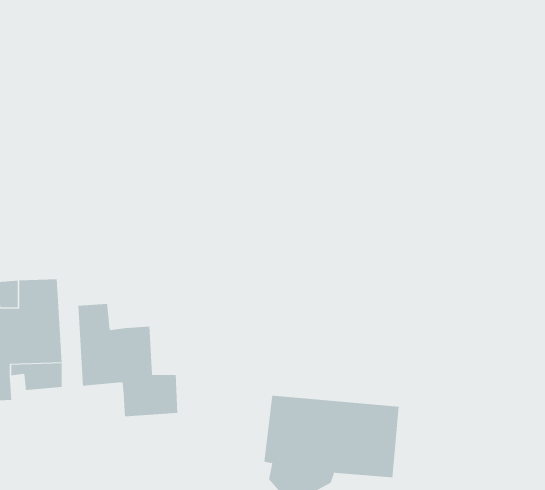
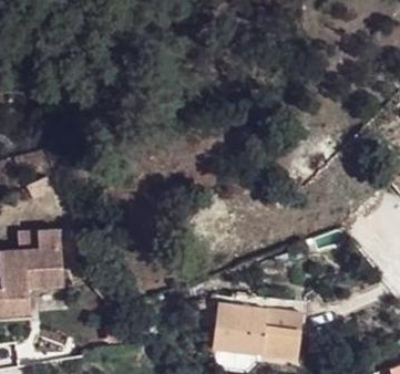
building: [78,303,178,417] -> none

